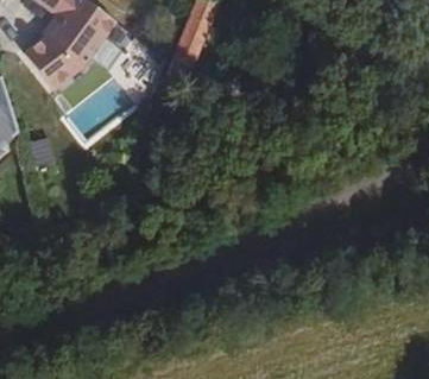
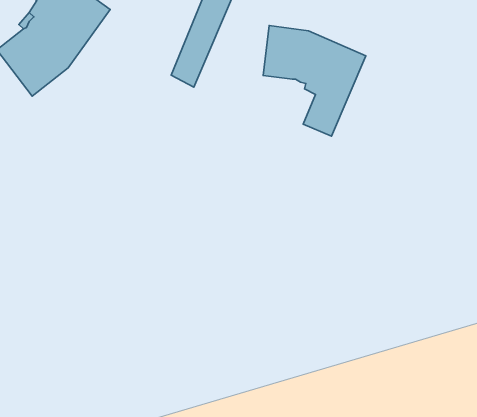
building: none -> [263,25,366,136]

